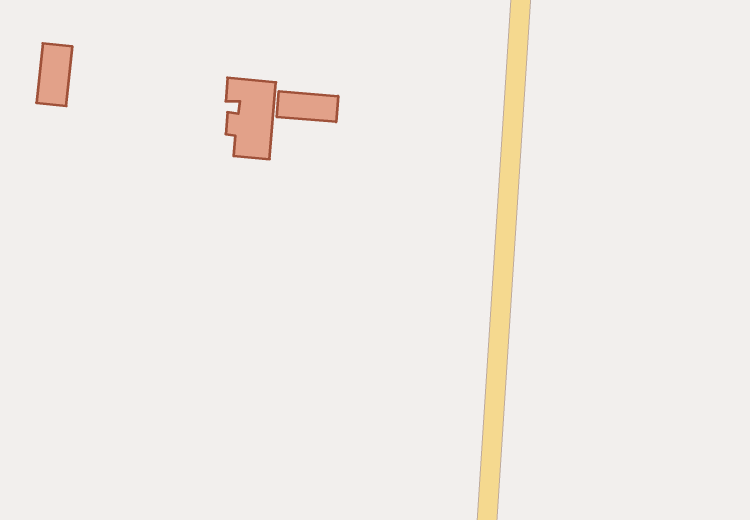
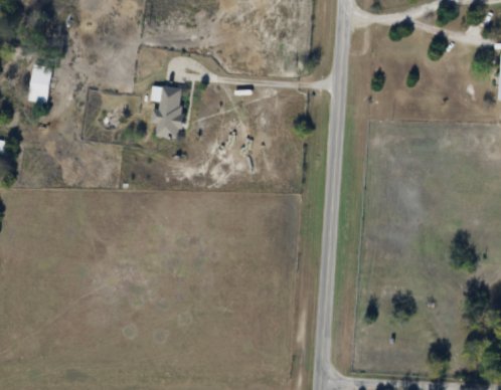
building: [277,91,338,122] -> none

